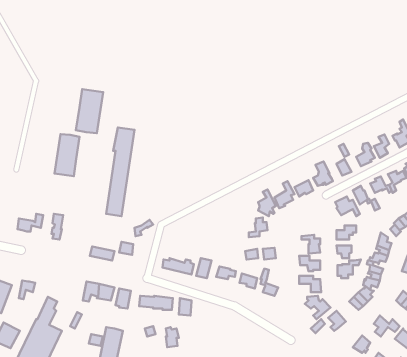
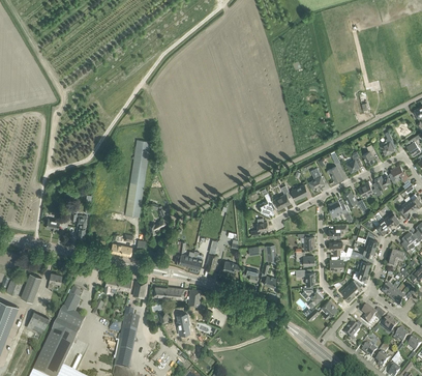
building: [76,89,103,133] -> none
building: [54,134,80,176] -> none

